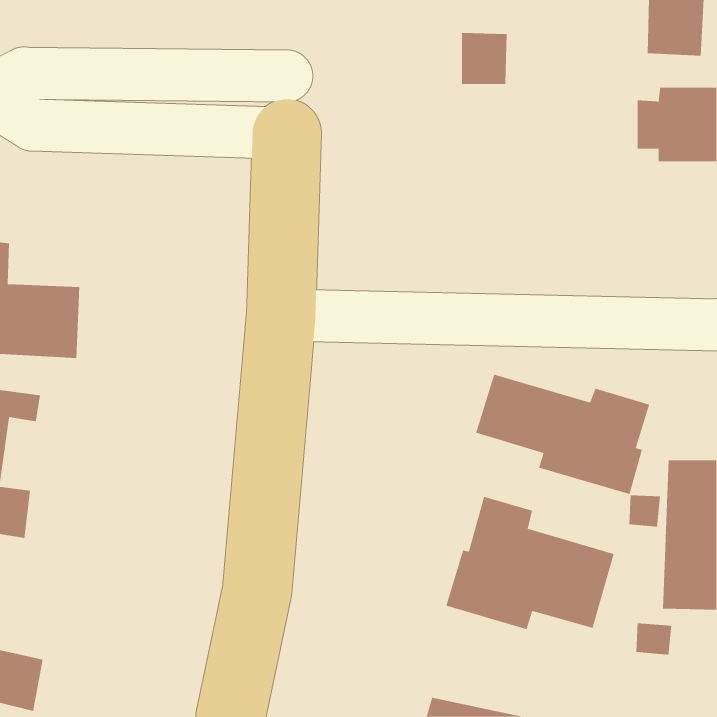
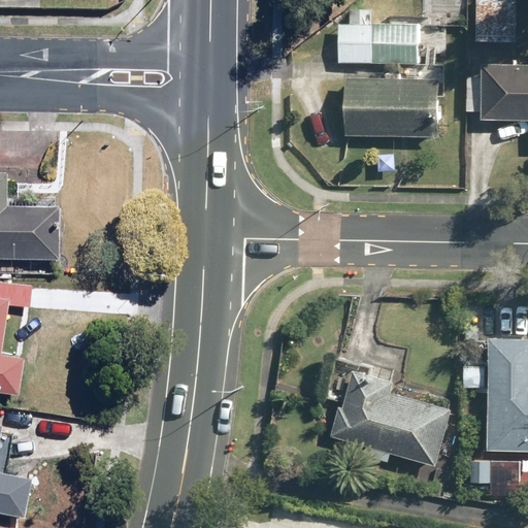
building: none -> [371,23,418,62]
building: none -> [345,78,439,136]
building: [476,374,650,495] -> none

